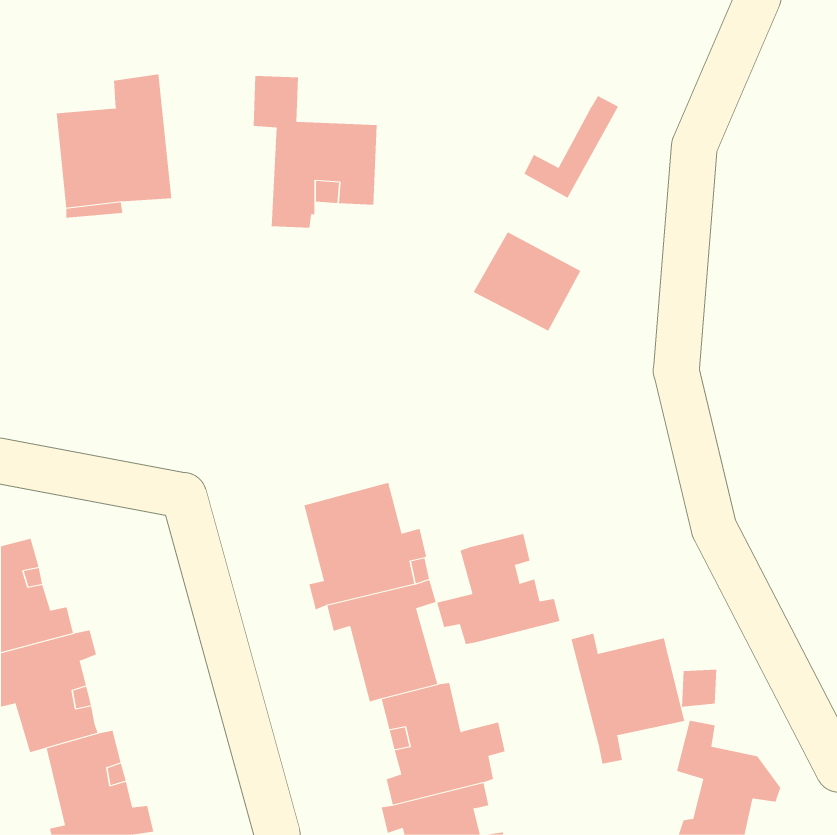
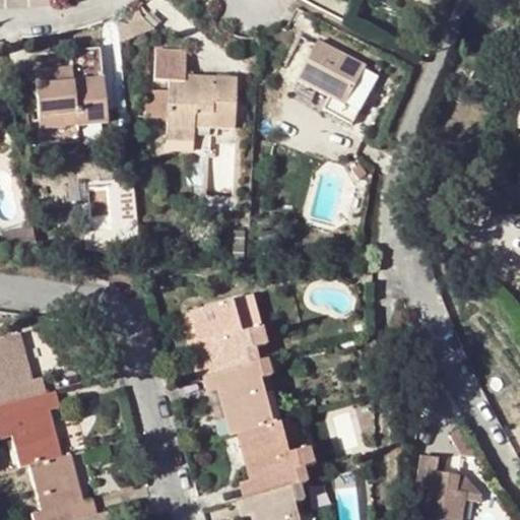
building: [473,231,581,332] -> [300,42,367,104]
building: [437,533,560,645] -> none
building: [571,633,685,765] -> none

